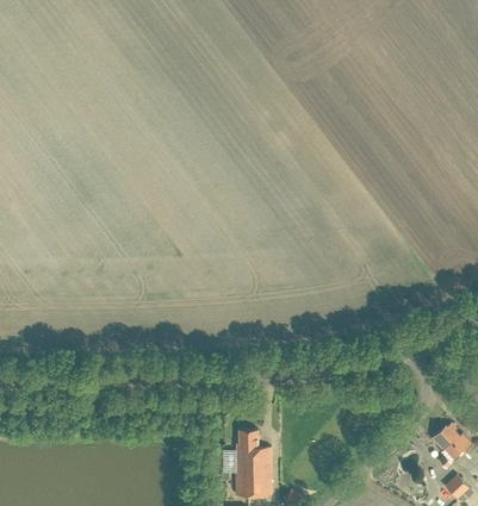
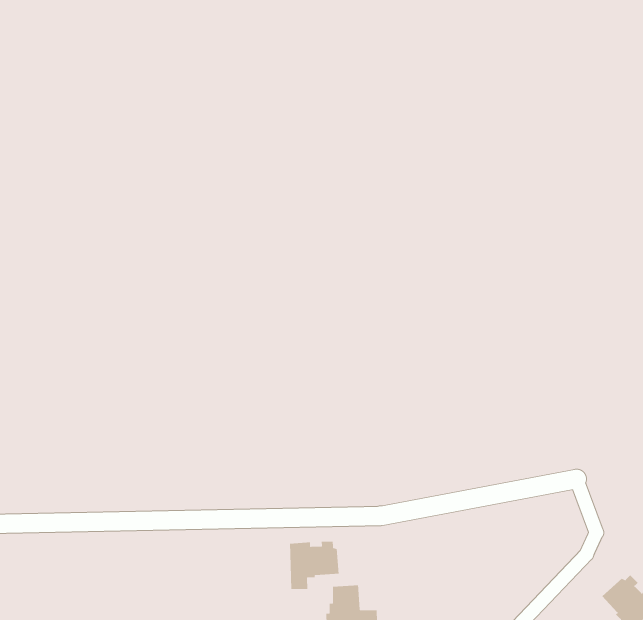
building: none -> [289,541,340,590]

